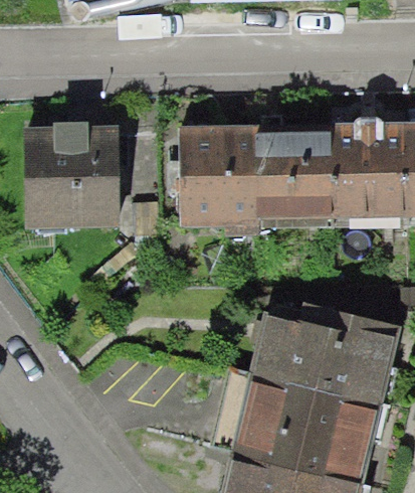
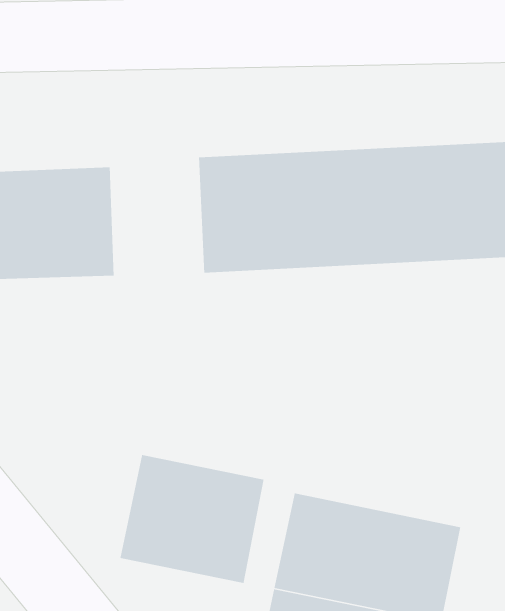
building: [253,312,390,406] -> none
building: none -> [120,454,265,584]

